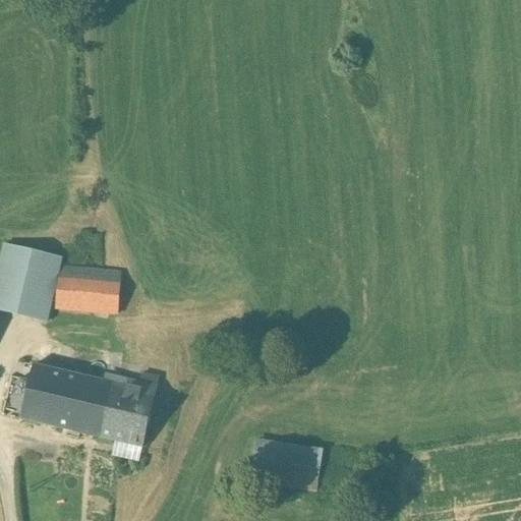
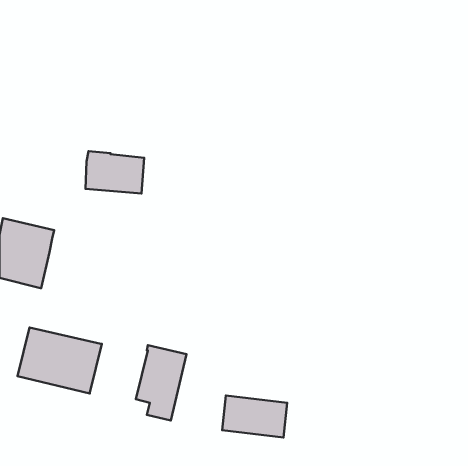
building: [55,265,120,311] -> [86,151,144,193]
building: [100,375,156,459] -> [136,345,186,420]

